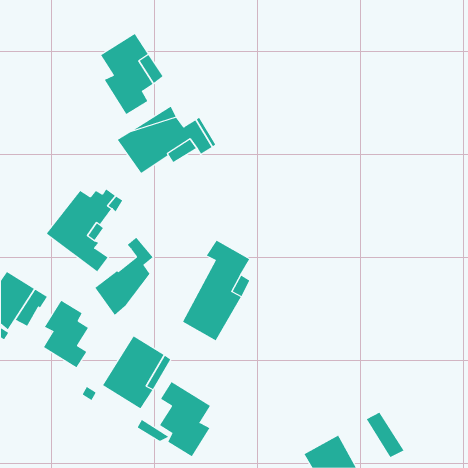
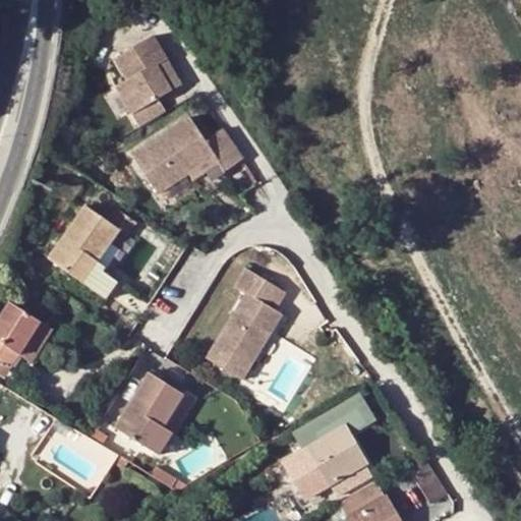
building: [95,237,153,316] -> none
building: [43,300,89,368] -> none
building: none -> [284,397,372,498]
building: [159,381,211,457] -> none

